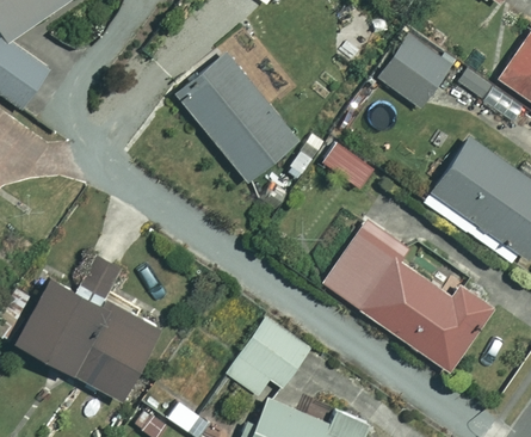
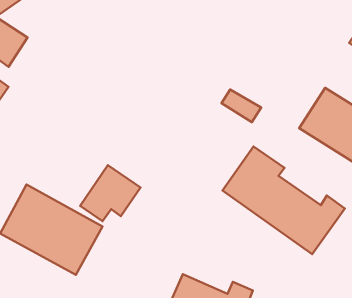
building: [376,33,451,107] -> none
building: [177,54,297,180] -> none
building: [227,316,310,394] -> [80,165,141,221]

